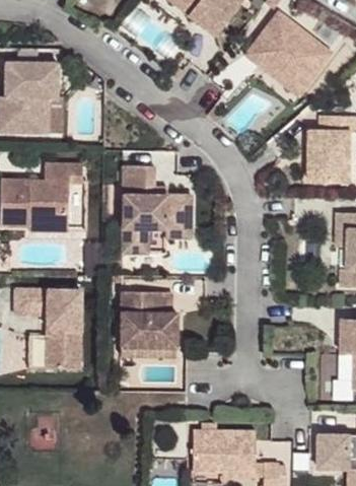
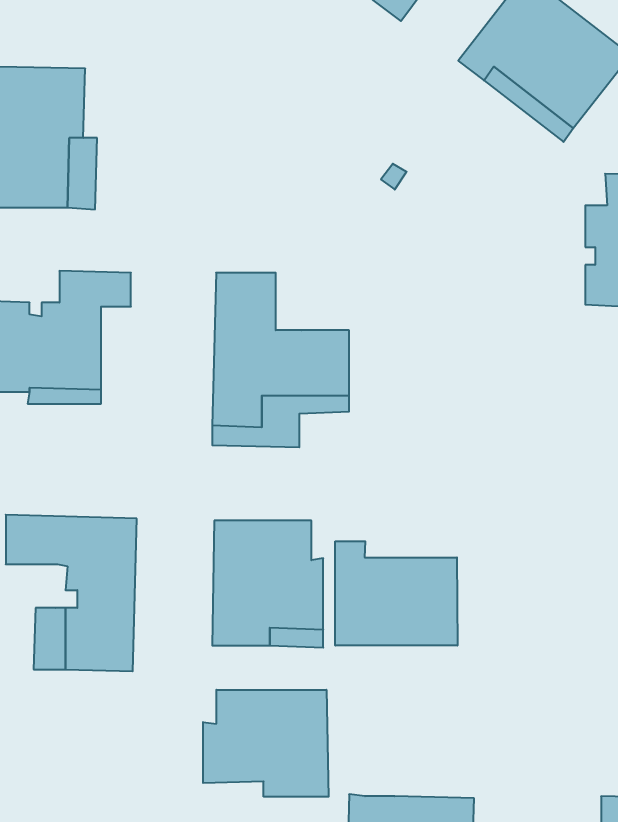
building: none -> [335,541,457,646]
building: none -> [203,690,329,797]

